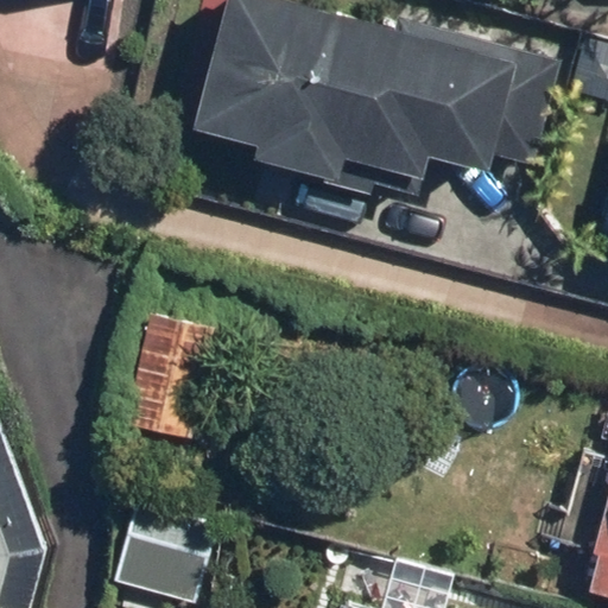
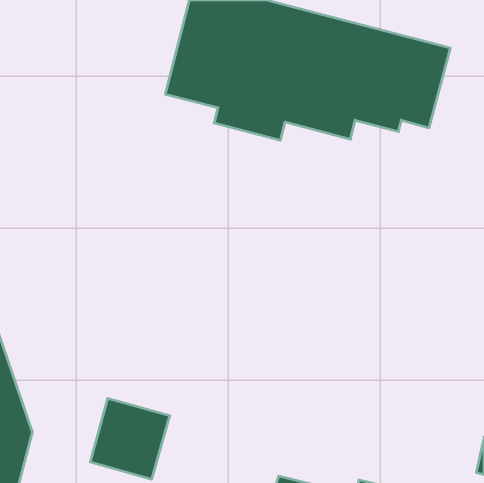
building: [120,315,213,442] -> none

